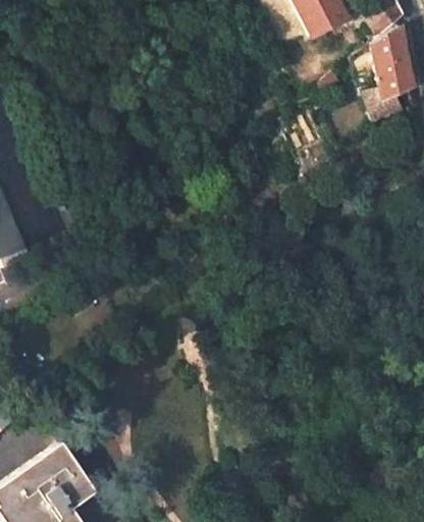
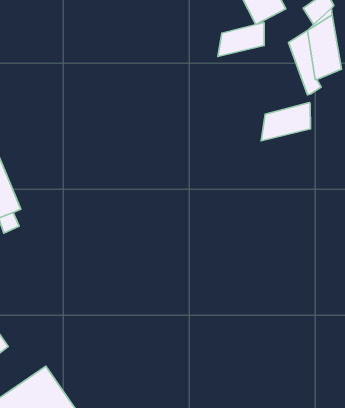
building: none -> [218,22,264,57]
building: none -> [261,103,310,141]

